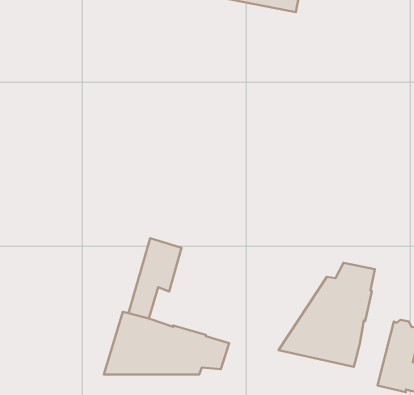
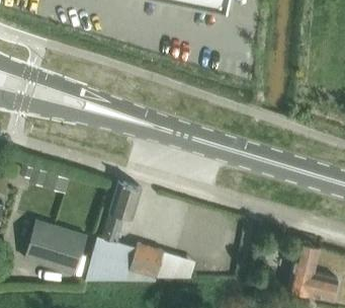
building: [279,263,375,367] -> none
building: none -> [24,222,86,275]

